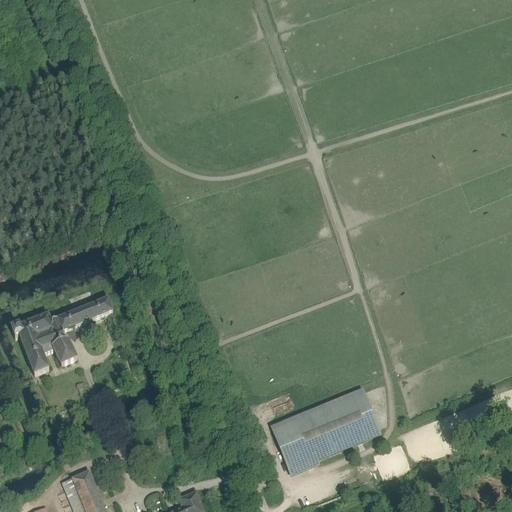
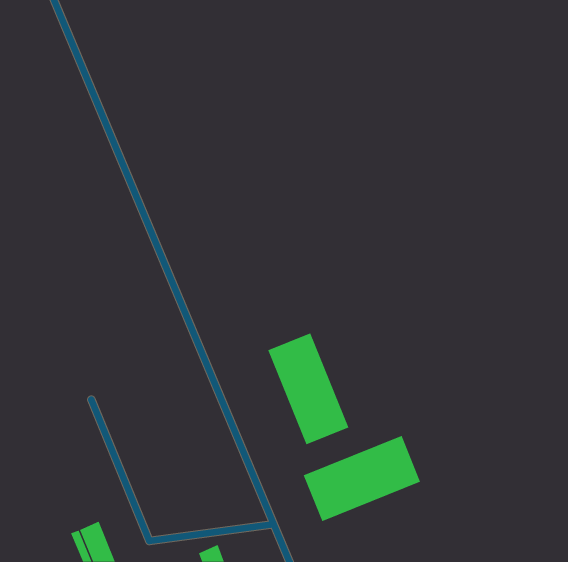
building: [11,296,112,373] -> none
building: none -> [268,332,349,445]

